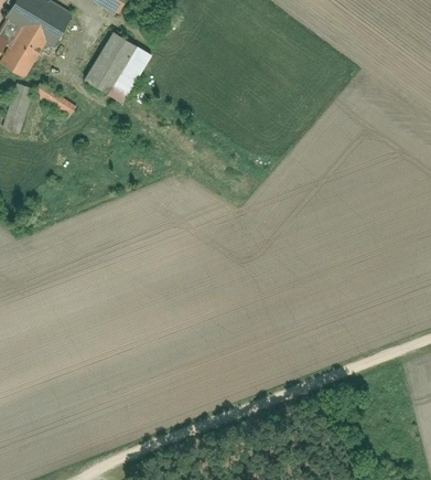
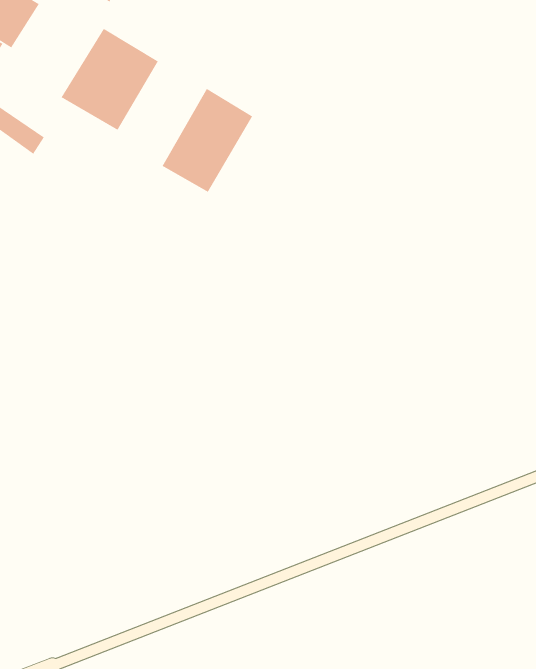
building: none -> [162,88,253,193]

